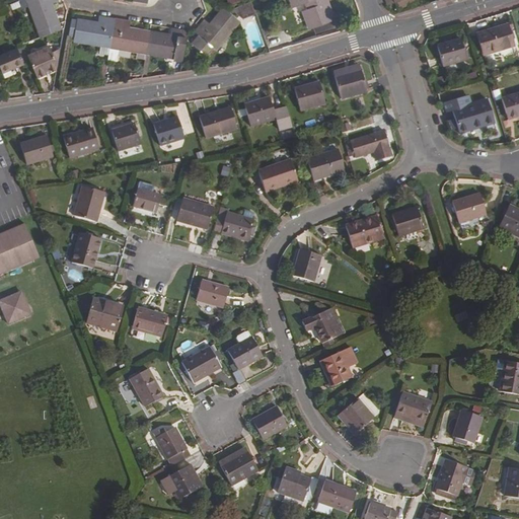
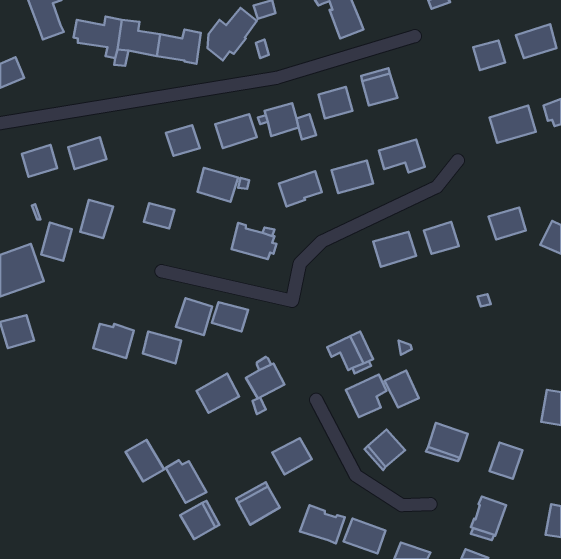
building: [26,47,56,76] -> none
building: [112,122,141,150] -> none
building: [176,197,214,228] -> [197,168,238,202]
building: [72,231,100,267] -> [41,222,72,261]
building: [292,247,321,280] -> none
building: none -> [176,298,212,335]
building: none -> [385,371,419,407]
building: [129,367,164,405] -> [126,440,164,482]

